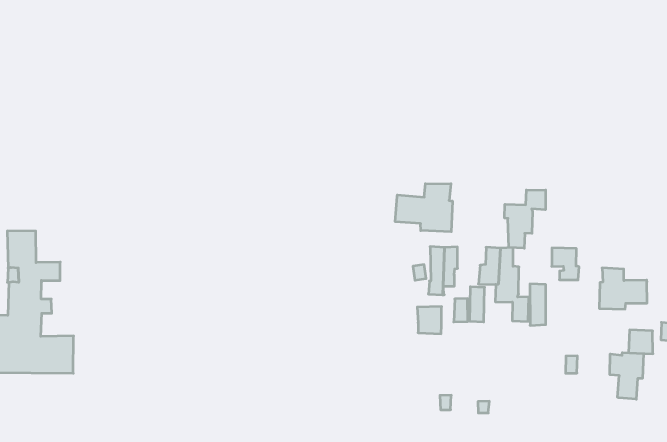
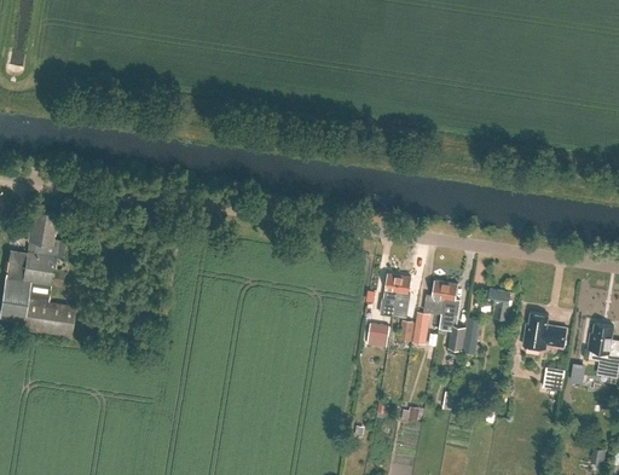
building: [395,184,452,232] -> none
building: [505,190,546,248] -> none
building: [610,353,644,399] -> none

